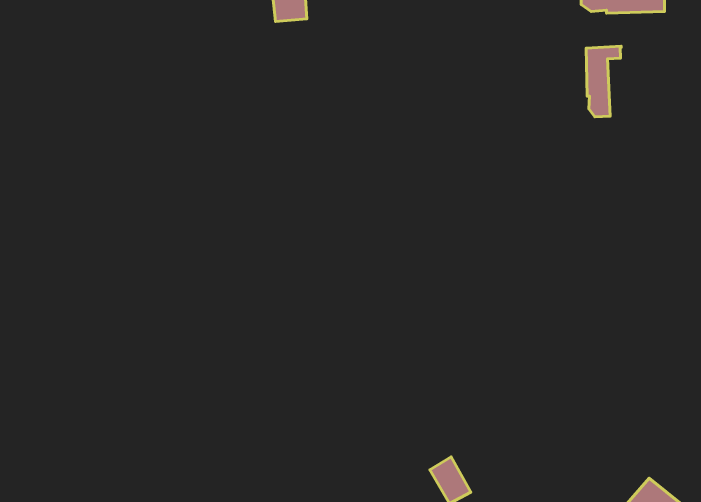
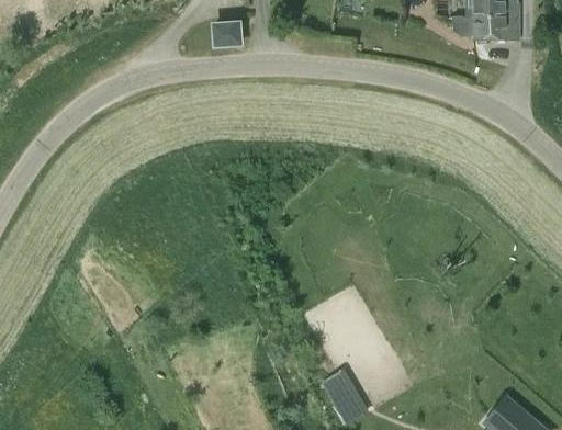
building: [586,46,621,117] -> none

